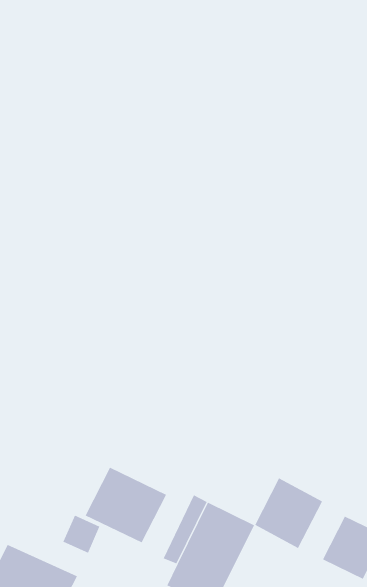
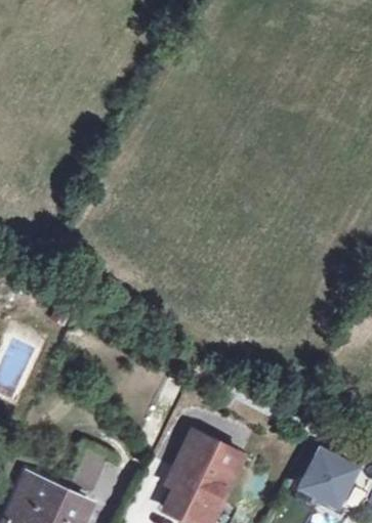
building: [85,467,167,543] -> none
building: [254,477,323,549] -> none

